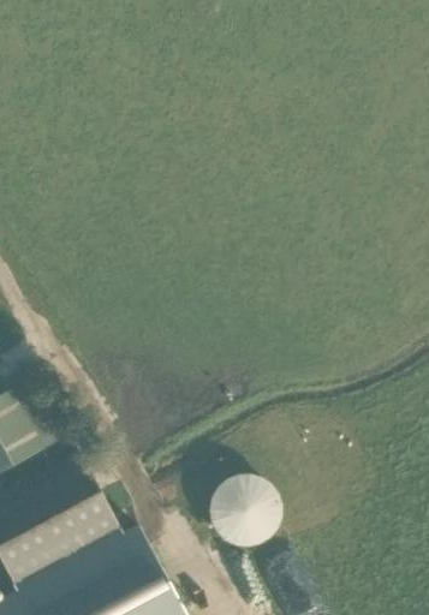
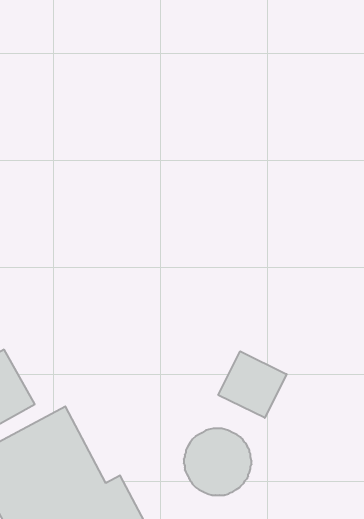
building: none -> [218,351,287,418]

